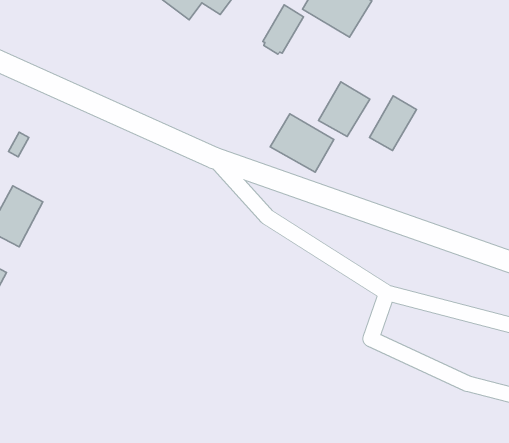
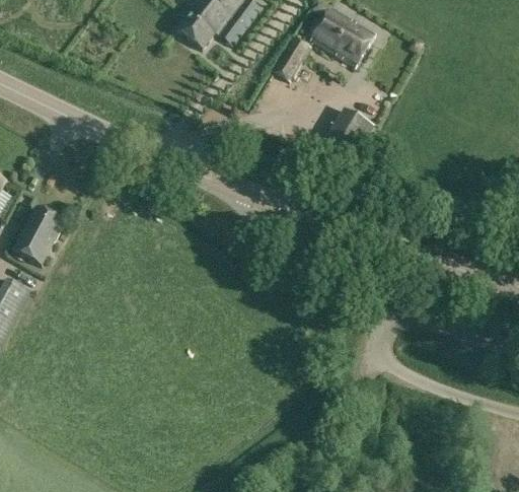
building: [370,96,416,150] -> none
building: [270,114,334,172] -> none

